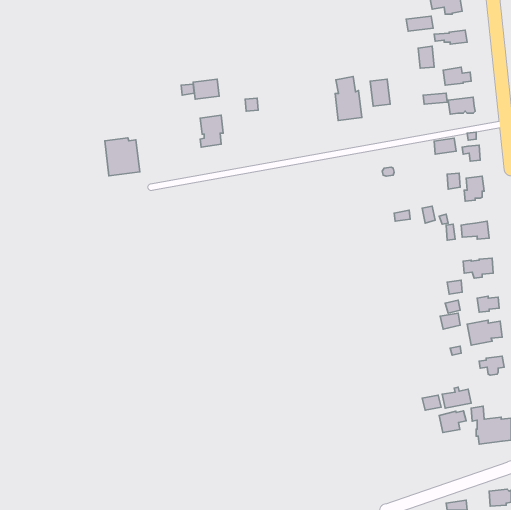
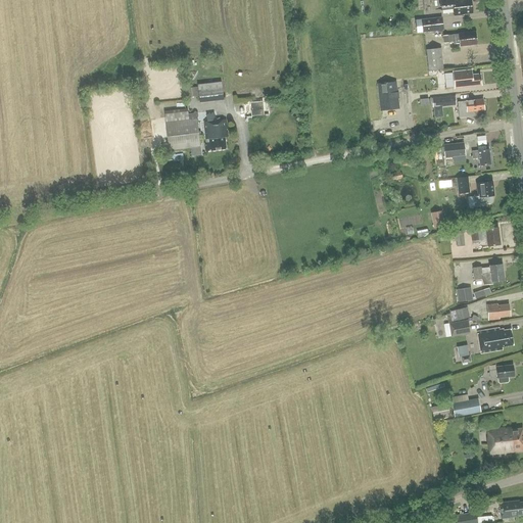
building: [335,76,362,120] -> none
building: [105,138,140,176] -> [164,110,200,149]
building: [439,411,466,432] -> none

